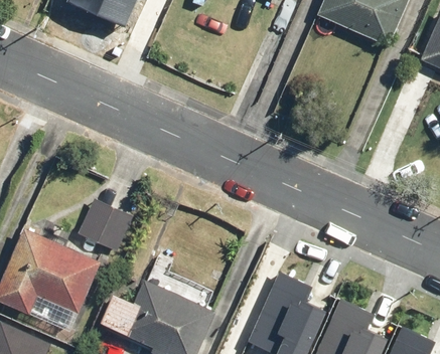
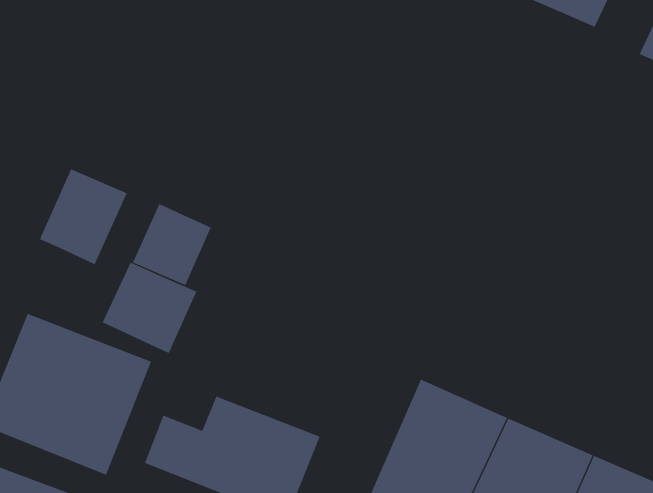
building: none -> [39,168,127,265]
building: none -> [132,203,212,286]

